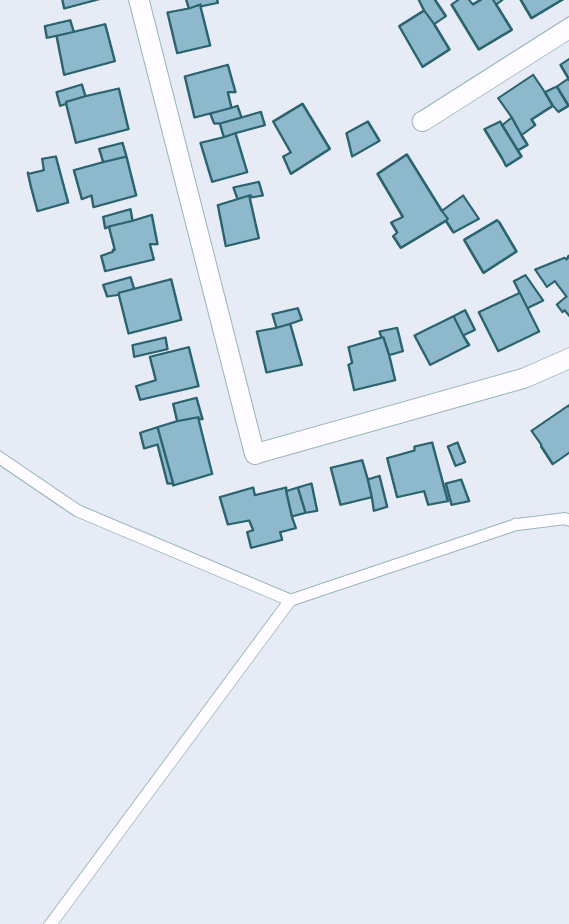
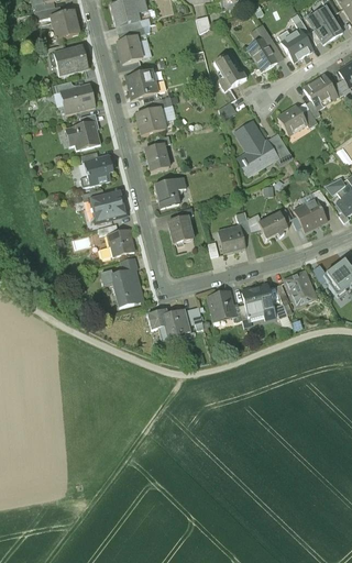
building: [273,104,330,174] -> [213,51,245,90]
building: [28,156,68,211] -> none
building: [464,220,517,273] -> [276,104,306,134]
building: none -> [154,177,185,208]
building: none -> [284,271,311,307]

